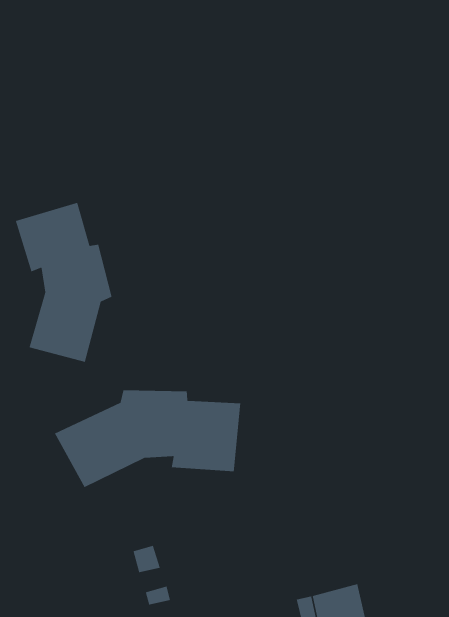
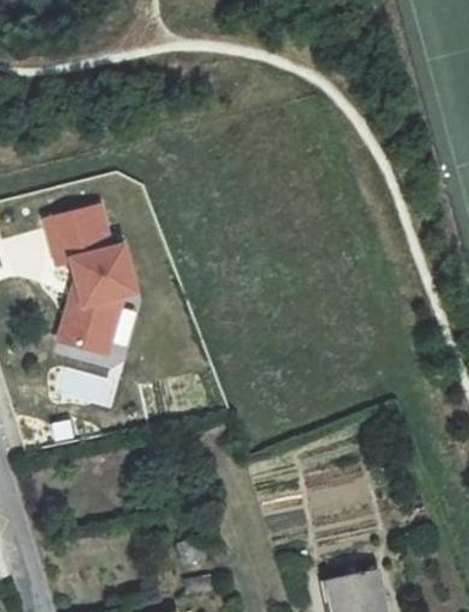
building: [54,390,241,488] -> none

